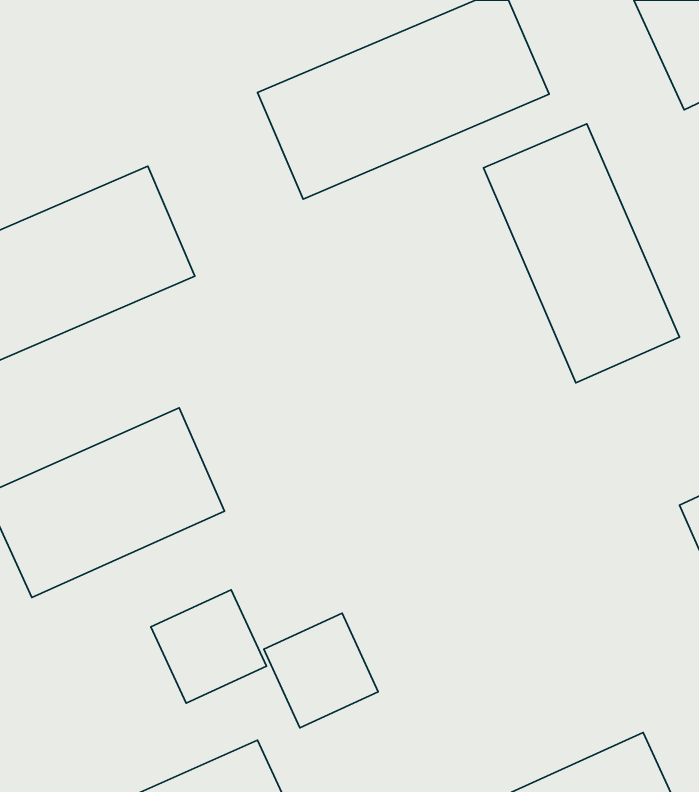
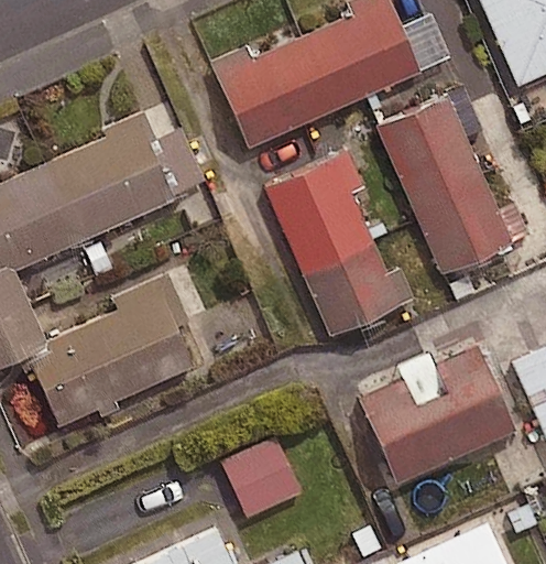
building: none -> [265,158,401,336]
building: none -> [360,346,515,481]
building: [151,590,266,703] -> none

